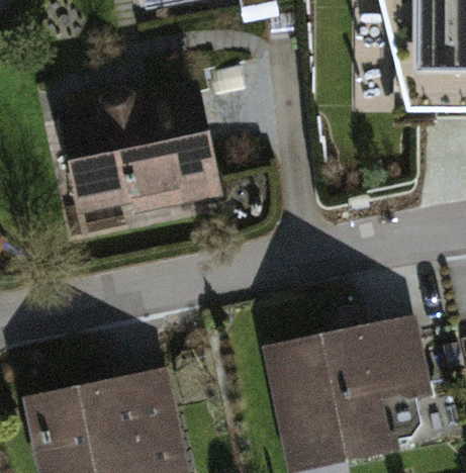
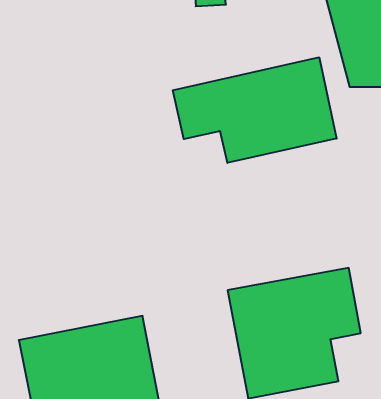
building: none -> [173,57,337,163]
building: [59,78,219,223] -> none

